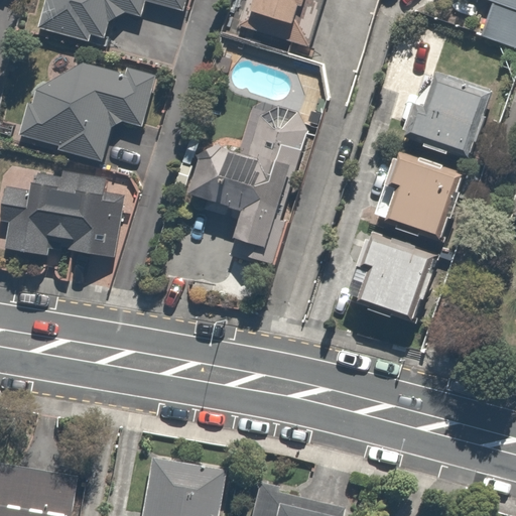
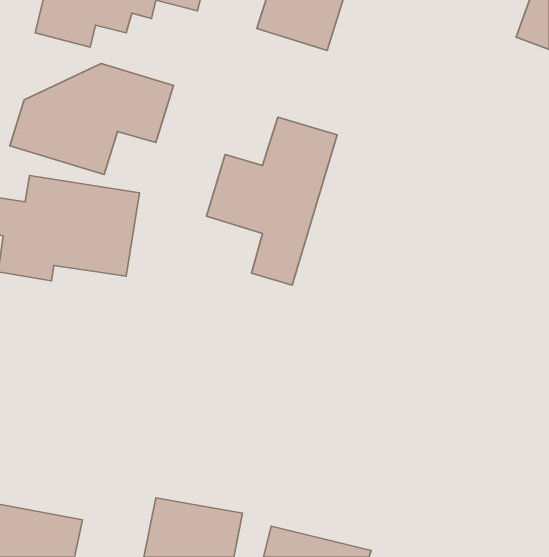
building: [403,71,500,158] -> none
building: [385,152,471,244] -> none
building: [362,236,438,324] -> none

